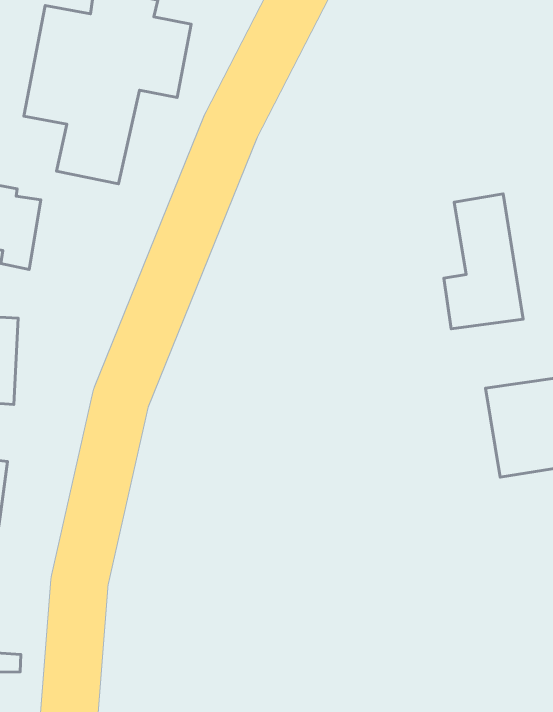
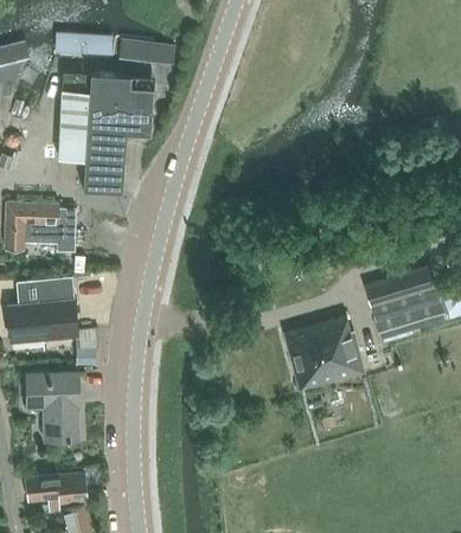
building: [444,194,523,329] -> none
building: none -> [284,315,364,390]

